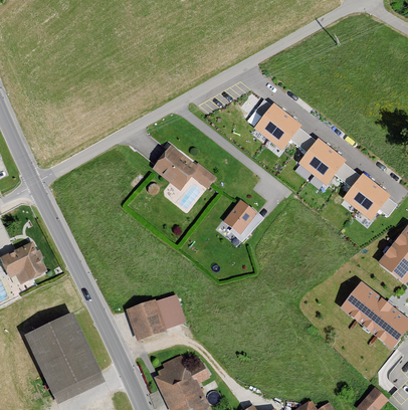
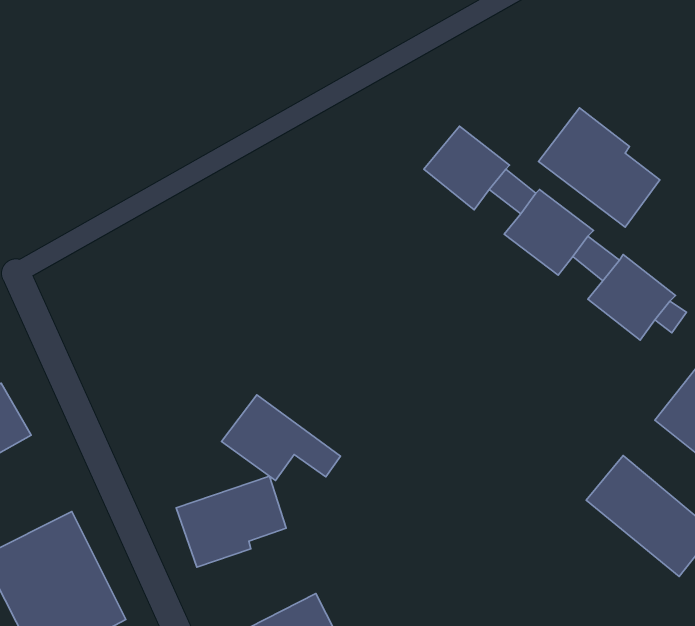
building: none -> [538,108,660,227]
building: [150,145,214,191] -> [221,395,341,480]
building: [225,202,259,237] -> none

